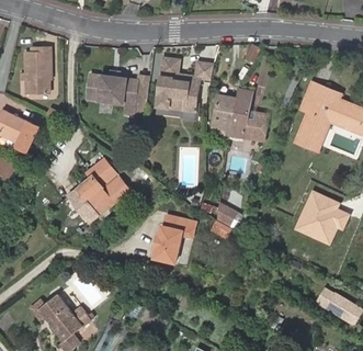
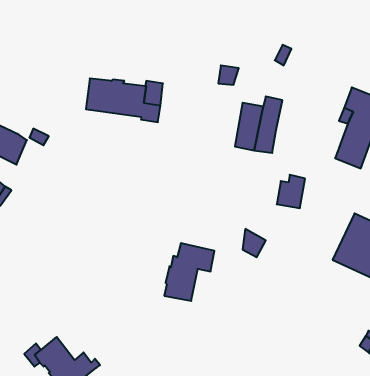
building: [23,49,52,98] -> none
building: [158,59,196,112] -> none
building: [243,112,268,140] -> [277,175,305,208]
building: [65,159,131,223] -> none

